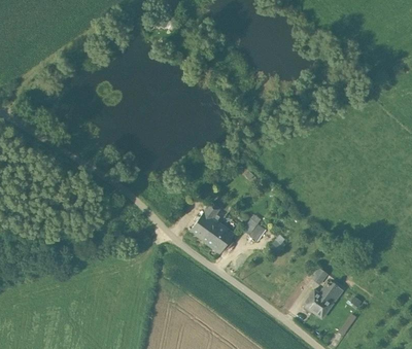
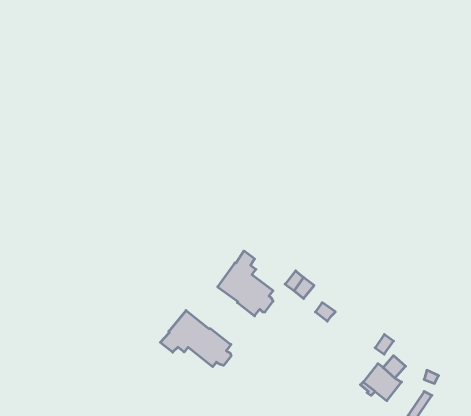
building: none -> [160,310,231,367]

